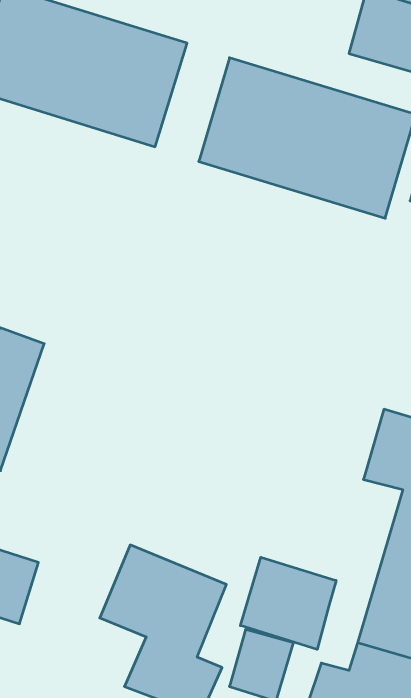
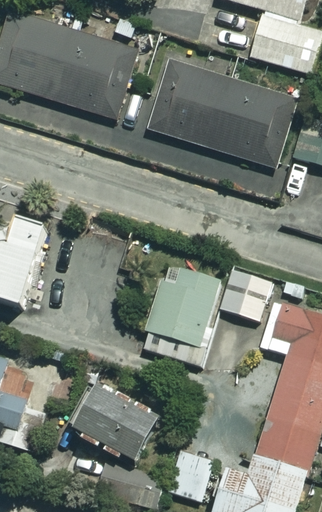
building: none -> [141,263,219,362]
building: none -> [219,267,270,319]
building: [240,557,336,649] -> none

